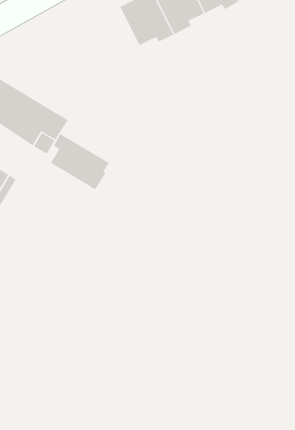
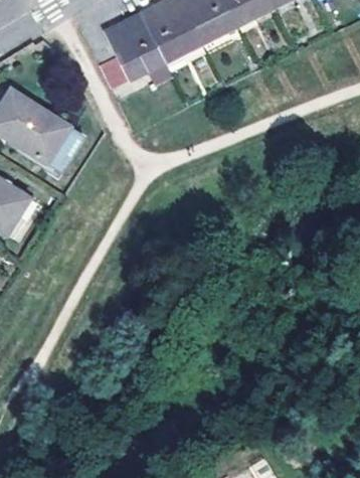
building: none -> [106,13,162,78]
building: [50,133,110,190] -> none

